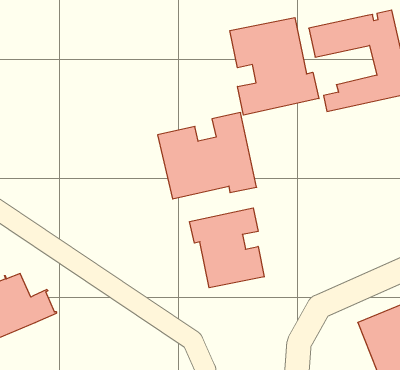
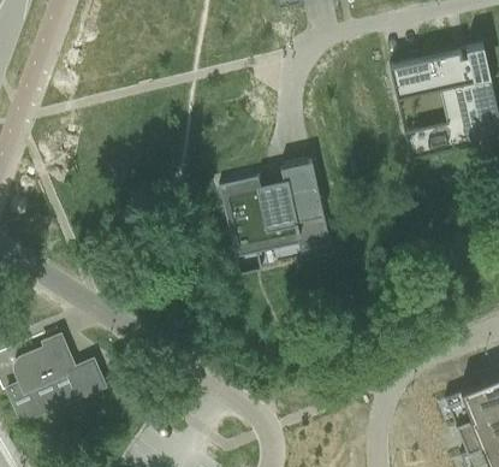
building: [230,18,319,115] -> none
building: [190,208,264,288] -> none

